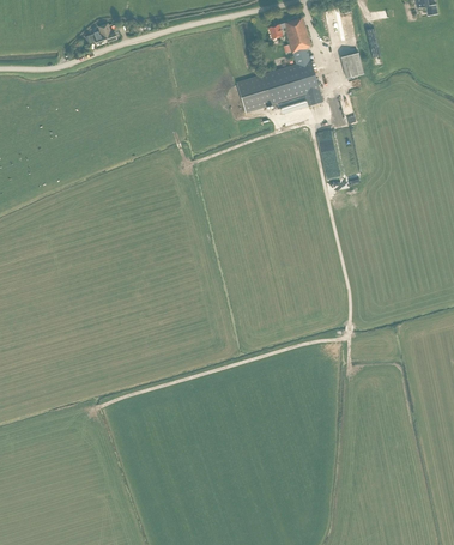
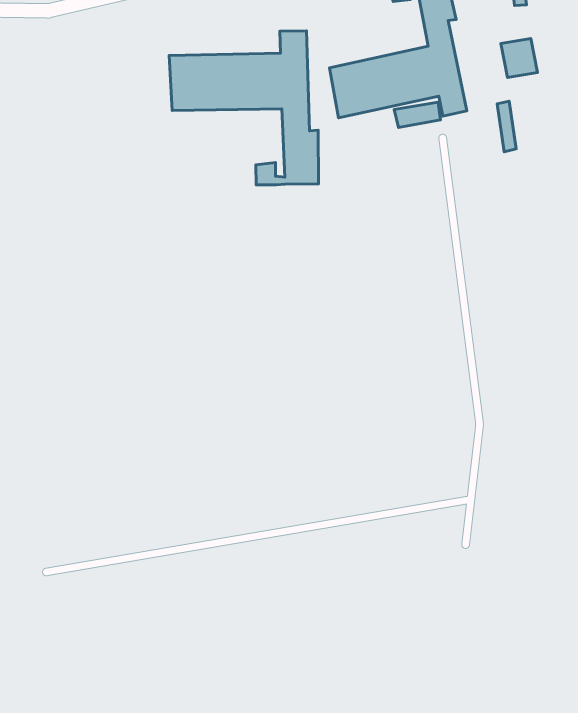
building: none -> [169,31,319,185]

